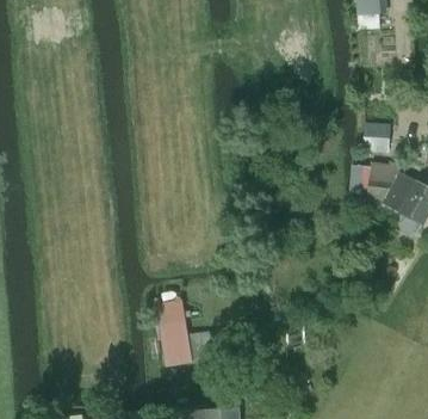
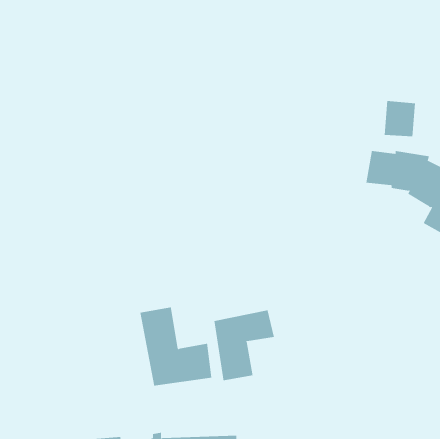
building: none -> [214,310,275,381]

